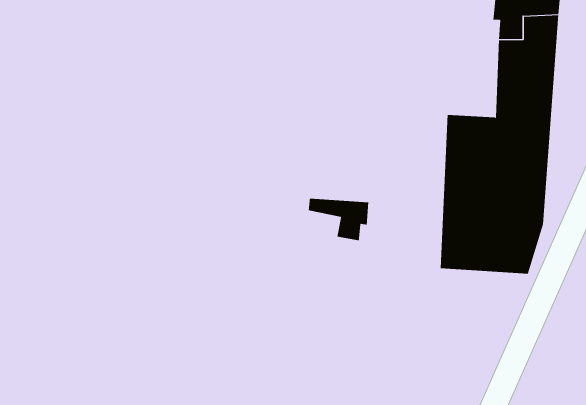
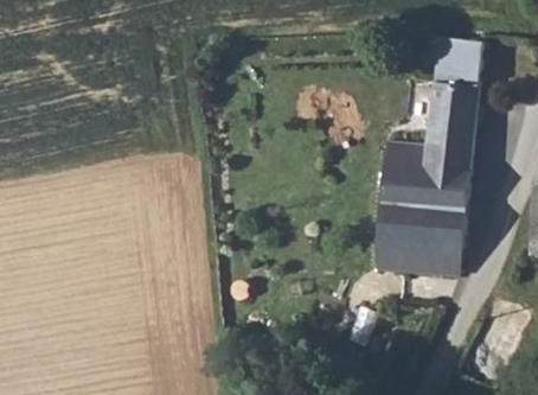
building: [308,198,369,241] -> none

